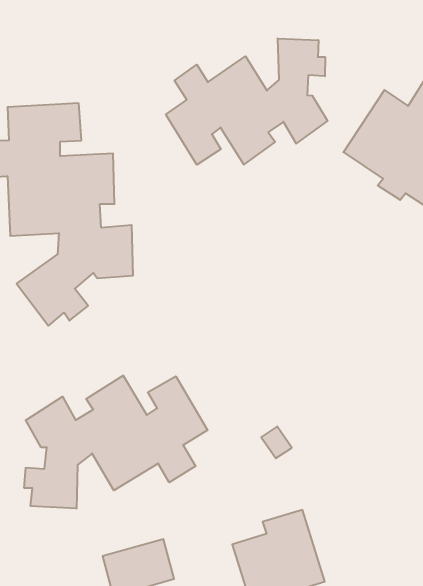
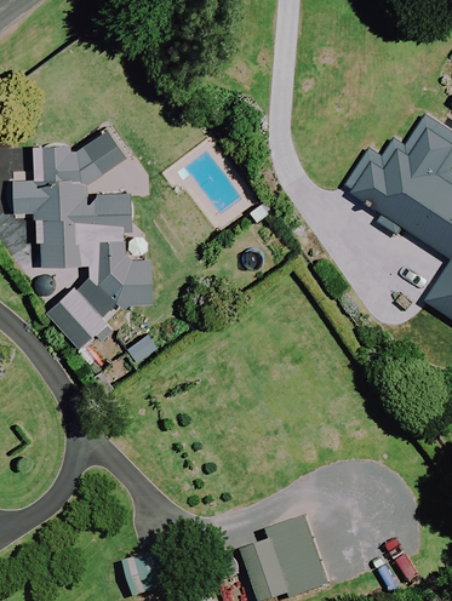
building: [166,38,327,165] -> none
building: [24,375,208,509] -> none

